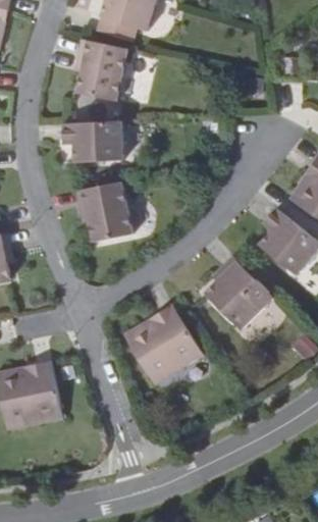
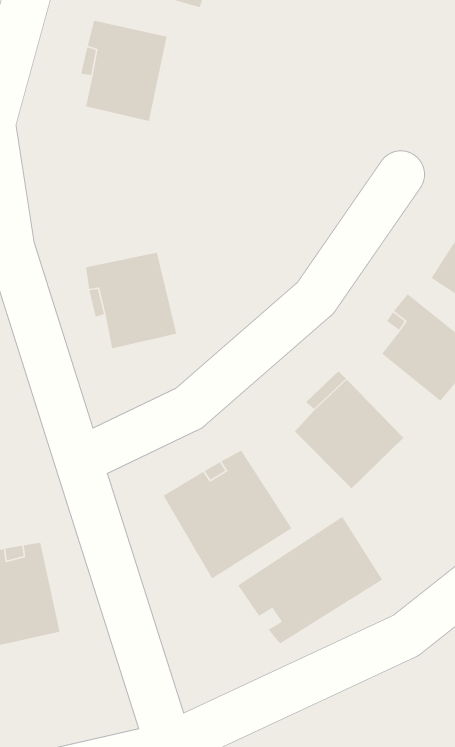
building: [62,121,124,164] -> none
building: none -> [237,516,383,645]

